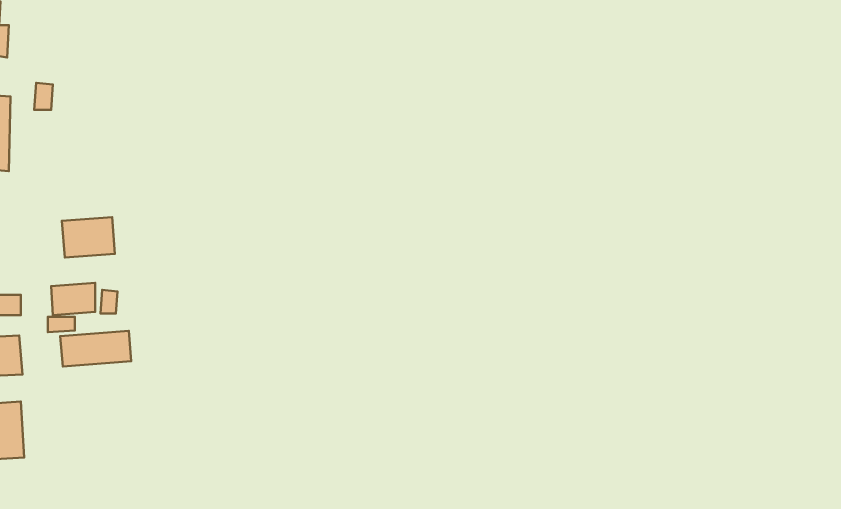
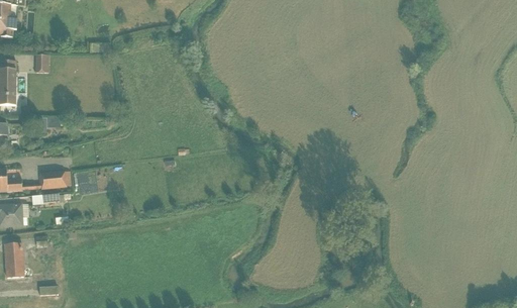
building: [62,217,115,258] -> none
building: [60,331,131,367] -> none

